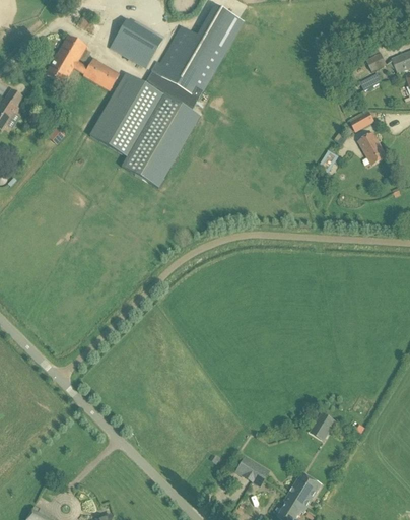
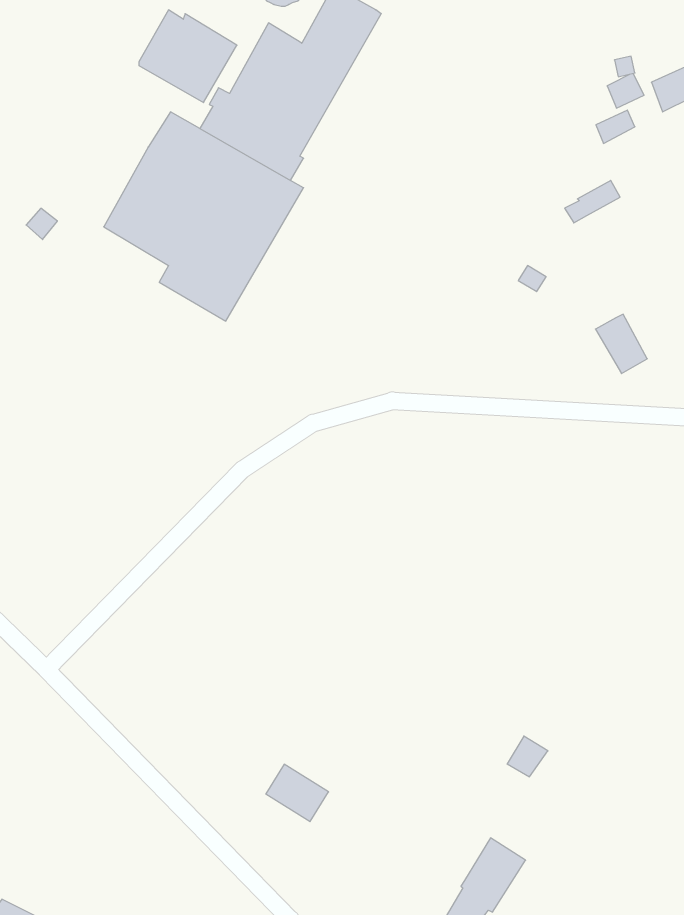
building: [45,35,119,89] -> none
building: [358,132,387,165] -> [595,314,647,374]
building: [234,455,269,486] -> [266,764,329,822]

